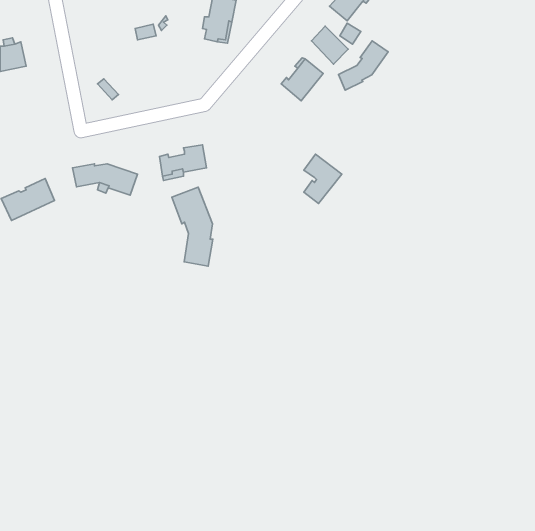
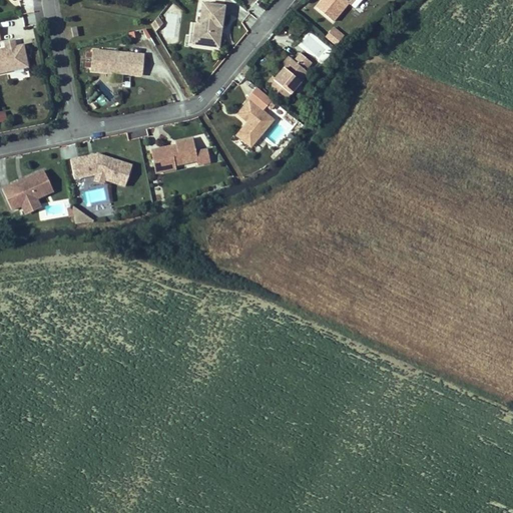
building: [338,41,388,90] -> none
building: none -> [90,49,142,73]
building: [304,154,342,204] -> [241,97,278,144]
building: [172,187,213,266] -> none

